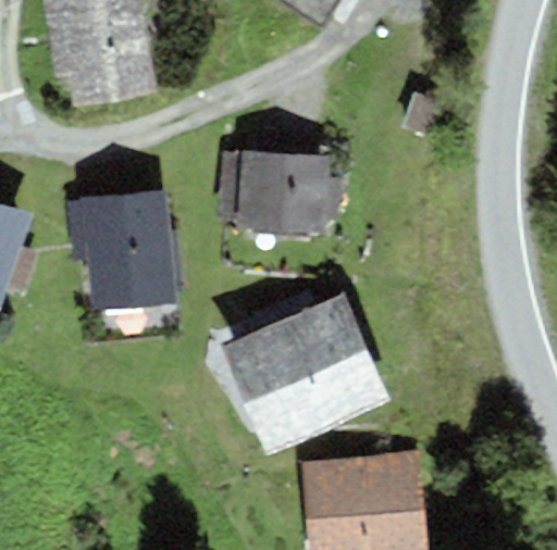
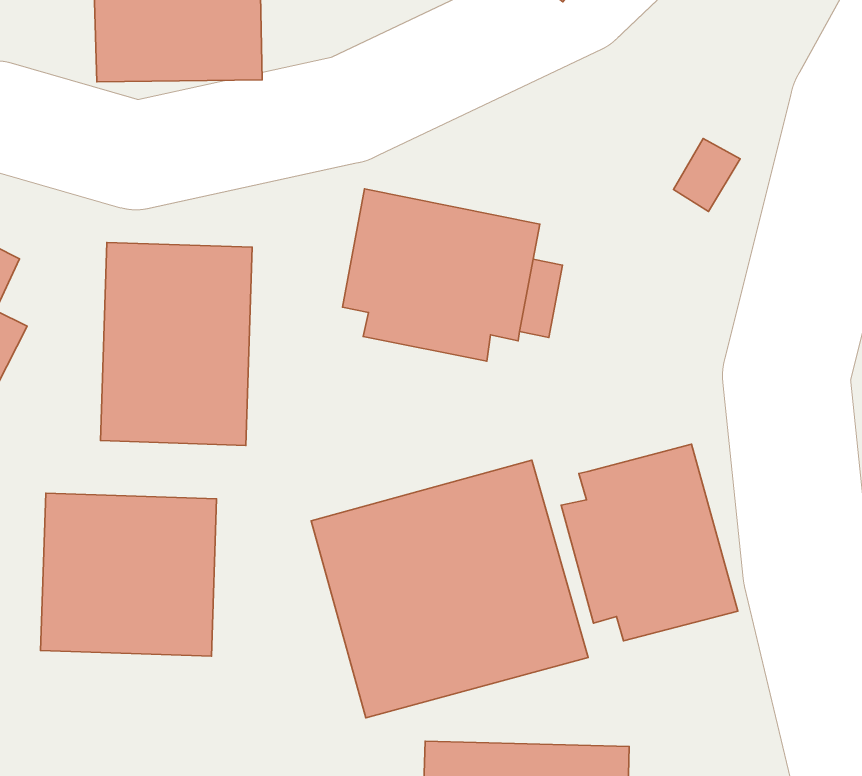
building: none -> [561,444,738,641]
building: none -> [41,493,217,656]

